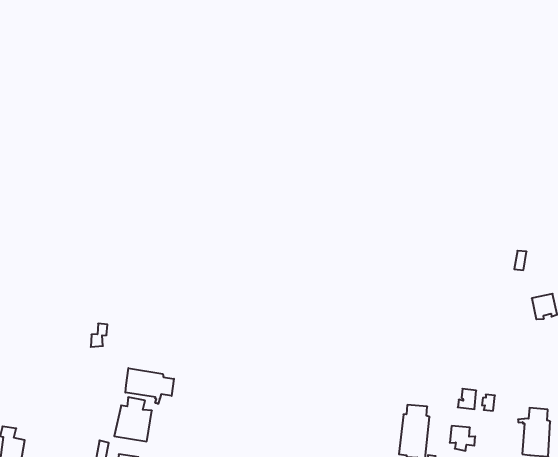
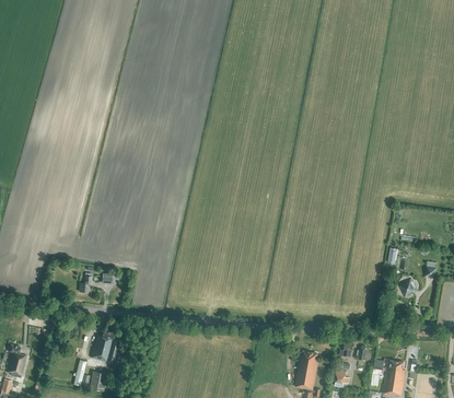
building: [125,368,174,404] -> none

